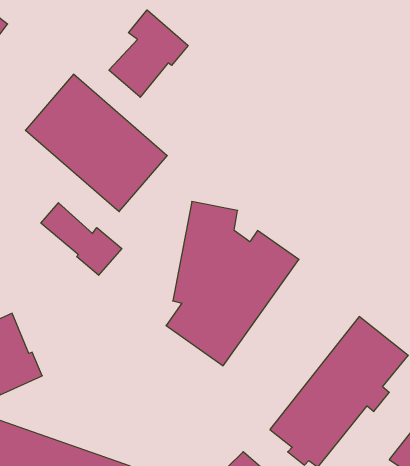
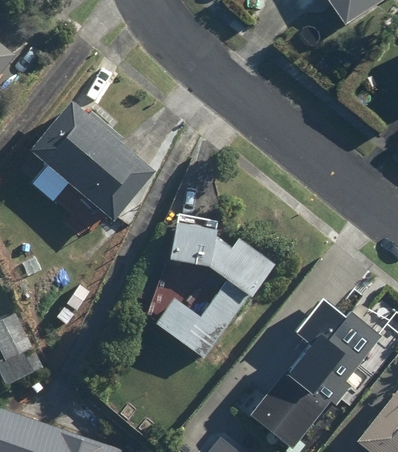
building: [109,10,188,97] -> none
building: [41,203,122,275] -> none

